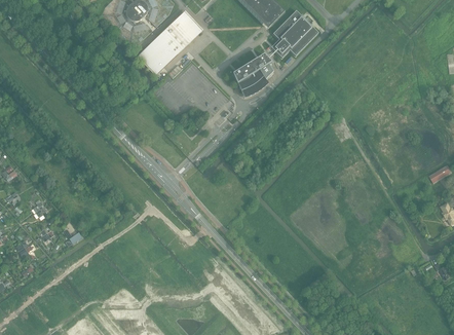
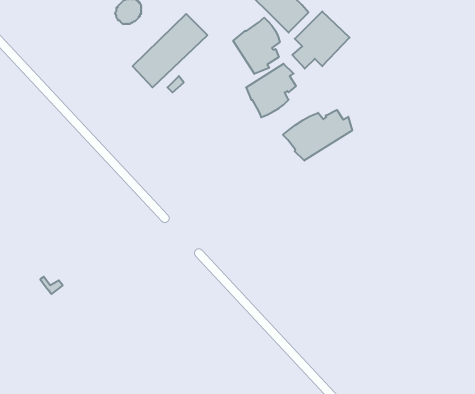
building: none -> [233,18,280,74]
building: none -> [283,110,352,161]

